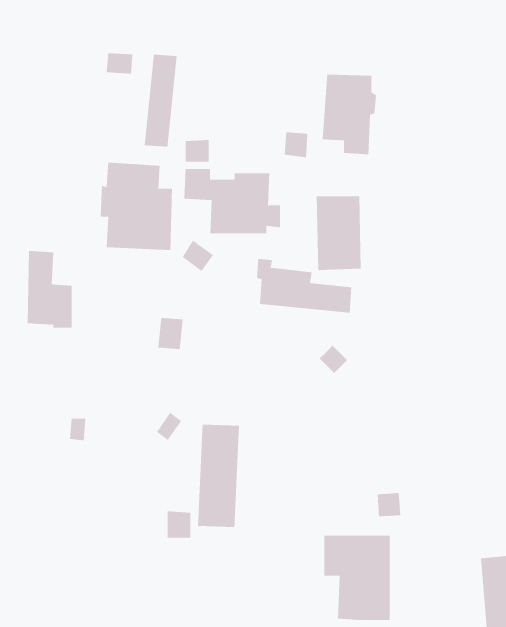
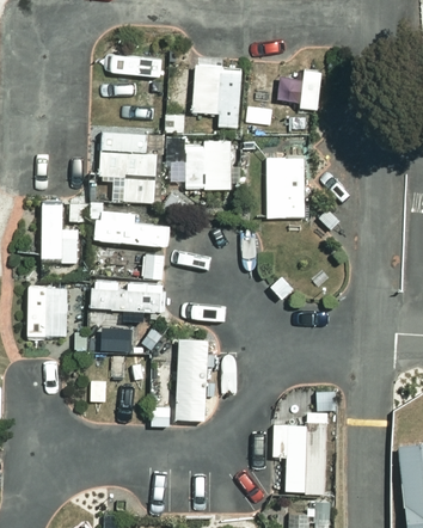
building: none -> [192,65,240,128]
building: [256,258,352,313] -> [90,202,165,245]
building: none -> [88,280,164,321]
building: none -> [26,286,67,337]

